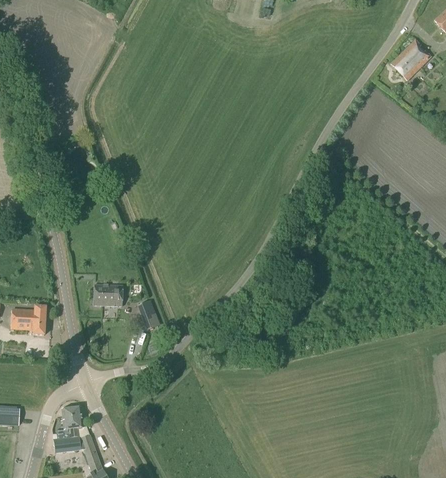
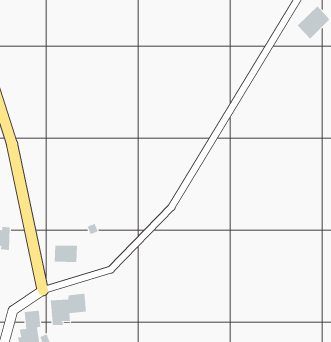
building: [93,284,122,305] -> [54,245,78,263]
building: none -> [50,293,87,326]

